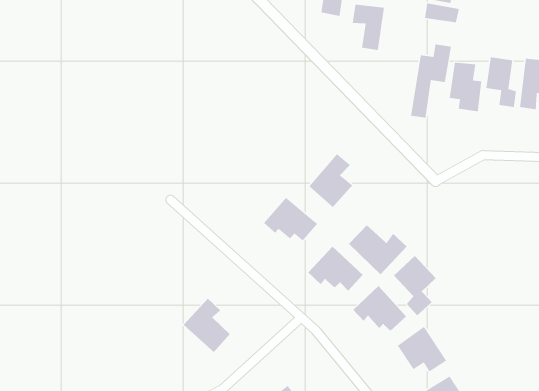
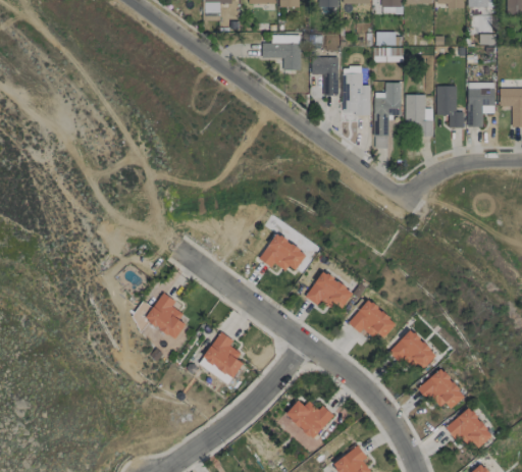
building: none -> [343,66,370,114]
building: [308,153,353,208] -> none
building: [348,225,407,275] -> none
building: none -> [136,293,187,340]
building: [393,255,436,316] -> none

